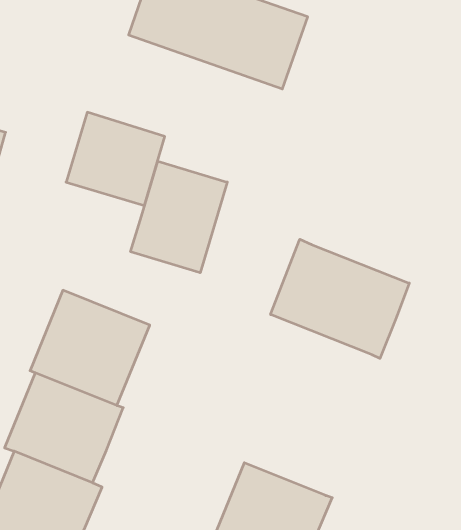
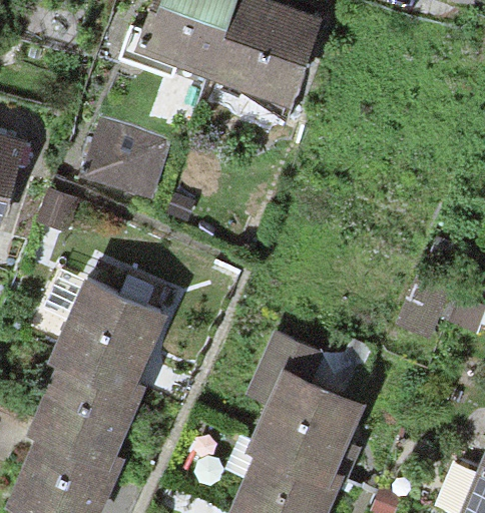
building: [131,161,227,273] -> none
building: [271,239,409,358] -> none
building: none -> [249,369,362,478]

